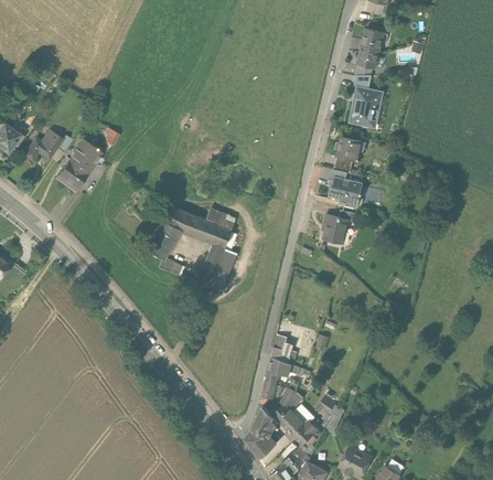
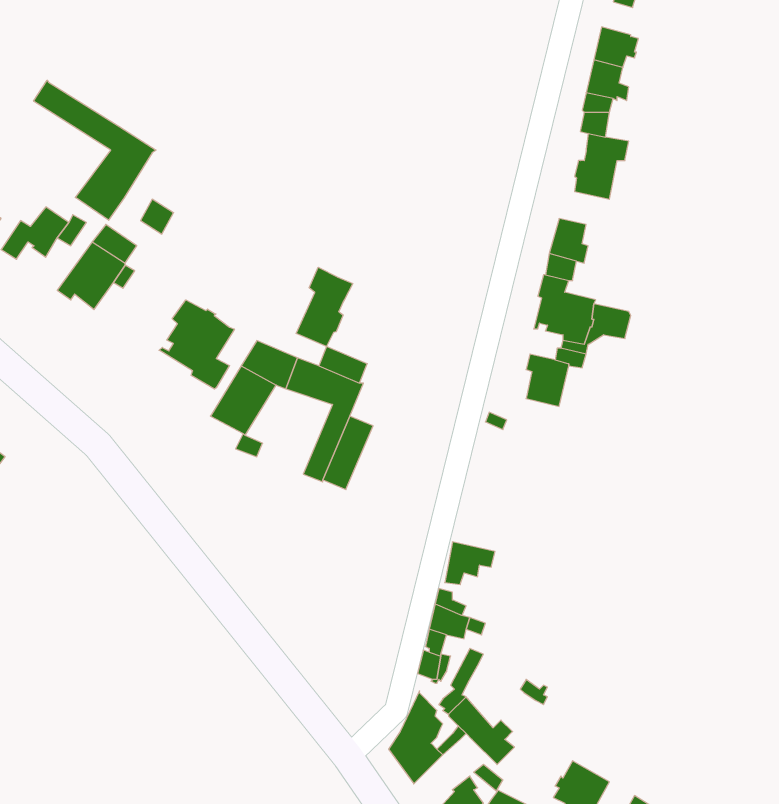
building: none -> [34,80,156,220]
building: none -> [296,267,353,346]
building: none -> [159,300,234,389]

